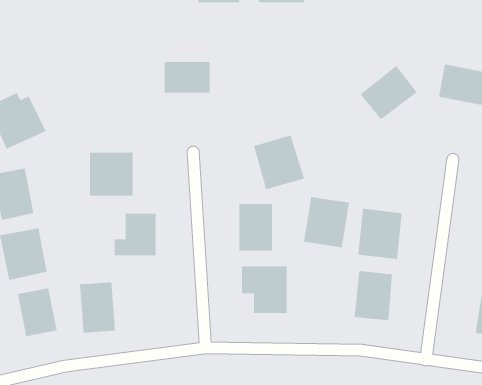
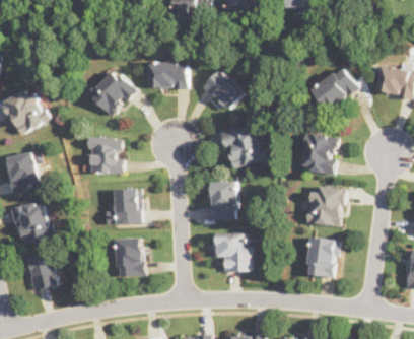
building: none -> [86,67,139,120]
building: none -> [200,68,245,112]
building: [303,196,350,248] -> [299,133,338,176]
building: [79,282,116,333] -> [115,236,145,279]

